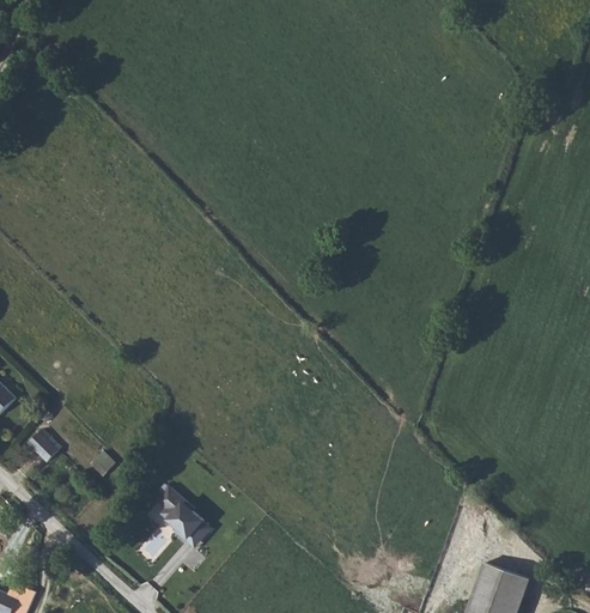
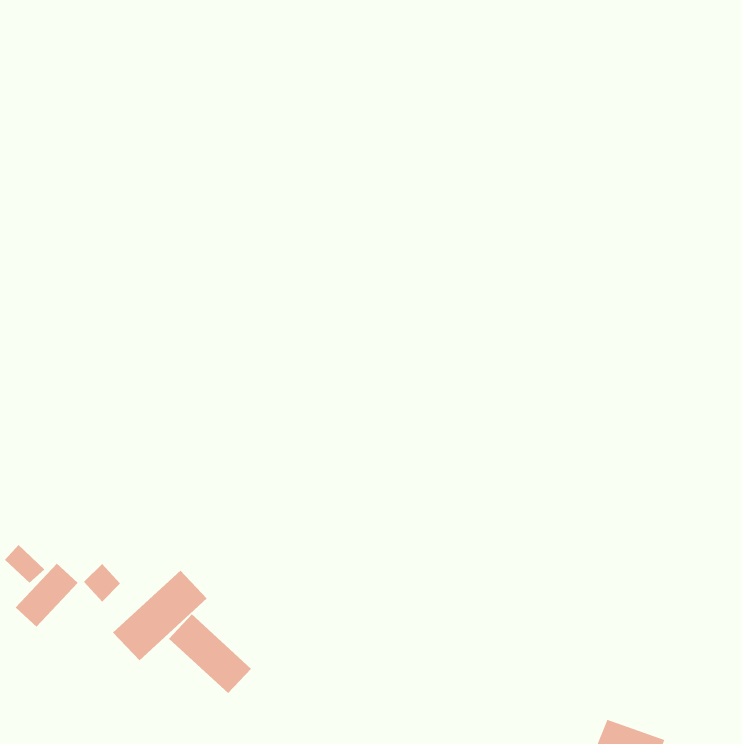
building: none -> [15,563,79,628]
building: none -> [112,570,207,661]

